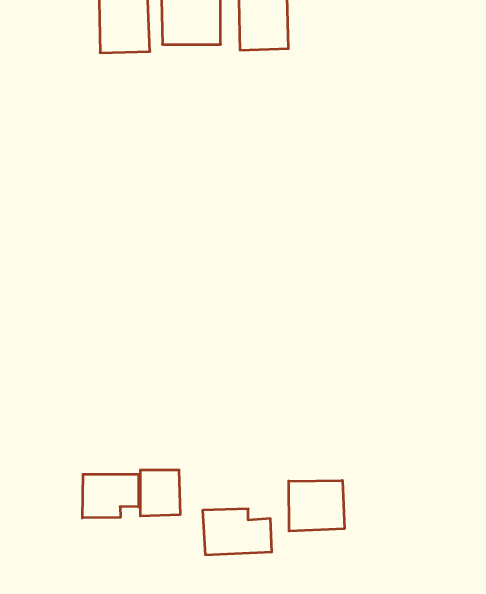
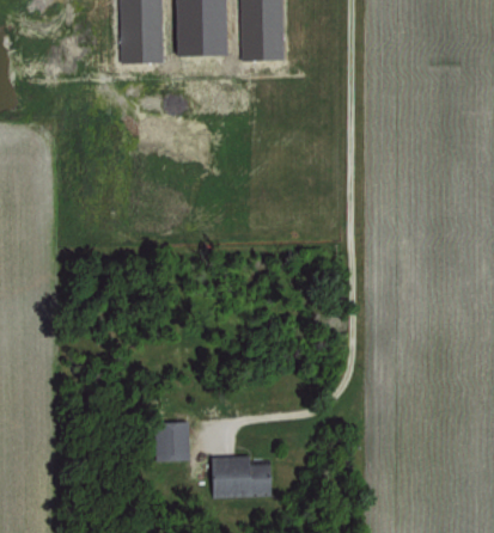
building: [82,474,139,518] -> none
building: [289,480,344,531] -> none

